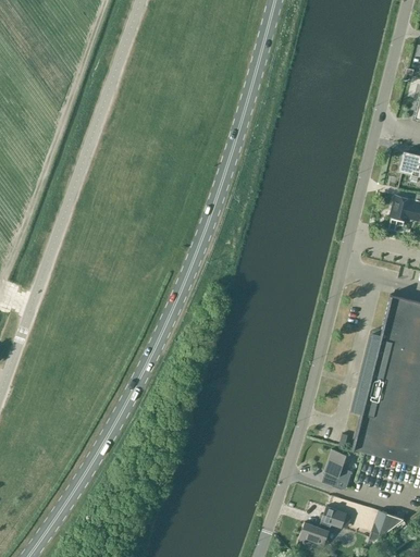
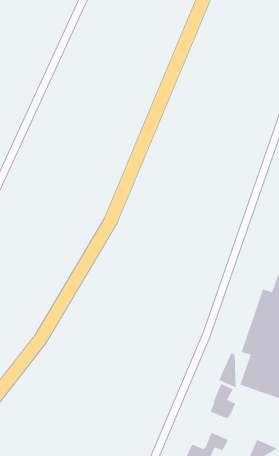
building: none -> [219,353,236,388]

